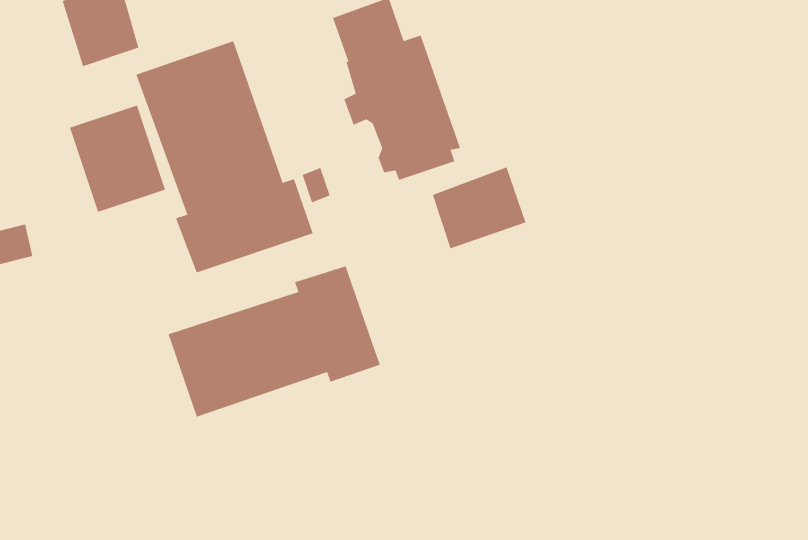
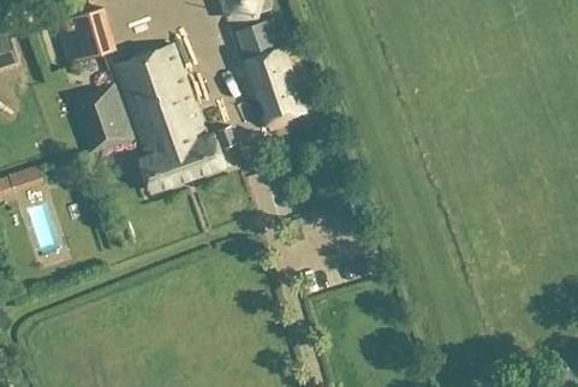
building: [432,167,526,249] -> none
building: [168,266,381,418] -> none

